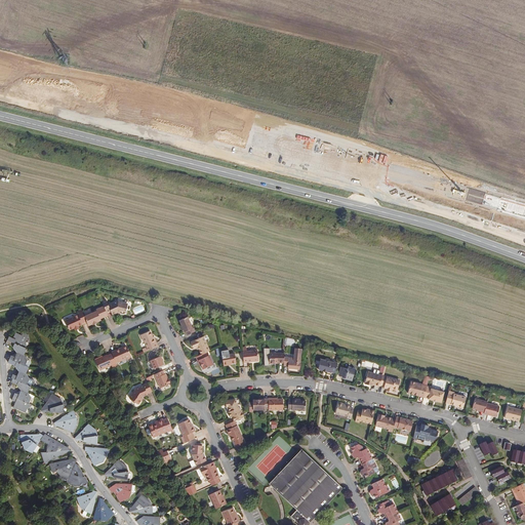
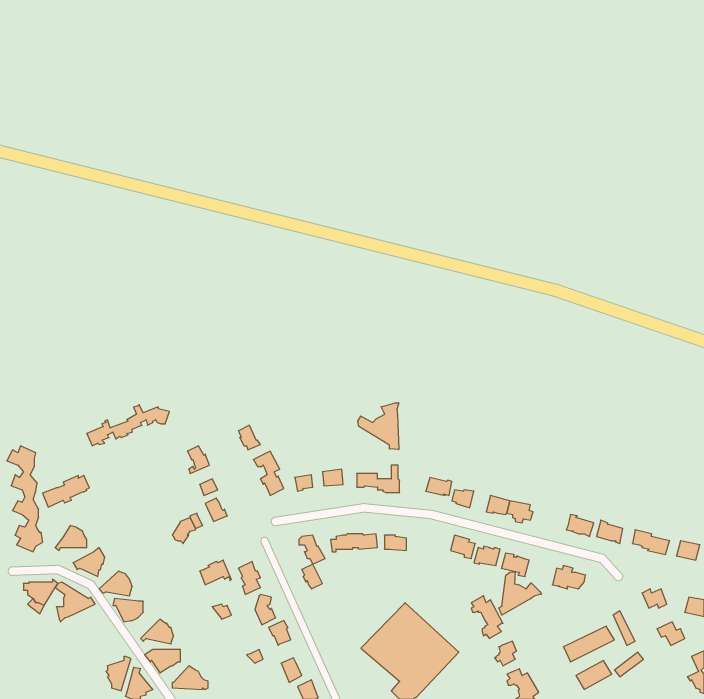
building: none -> [358,403,399,450]
building: [94,348,129,371] -> [43,475,89,507]
building: none -> [499,572,541,615]
building: [54,457,88,487] -> none

